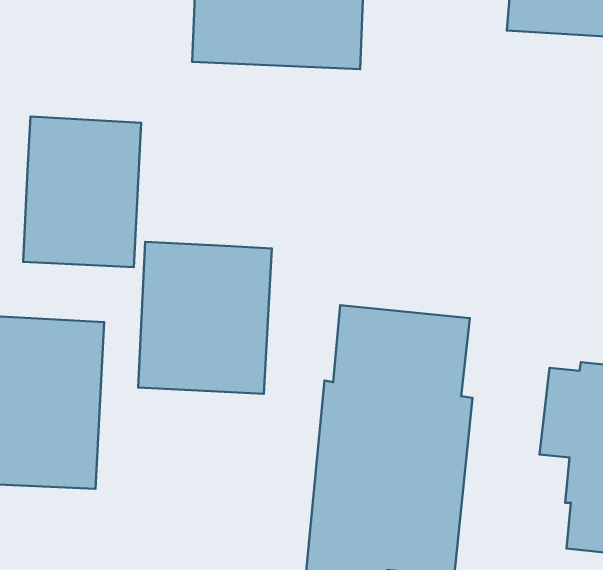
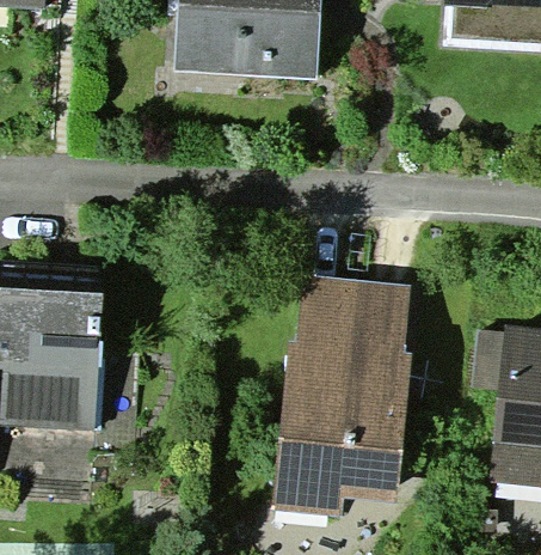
building: [23,116,141,267] -> none
building: [138,242,272,394] -> none

